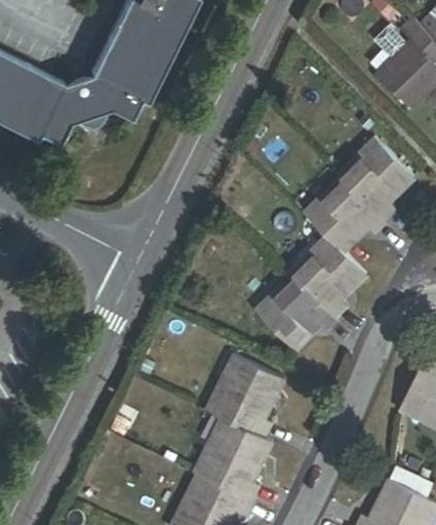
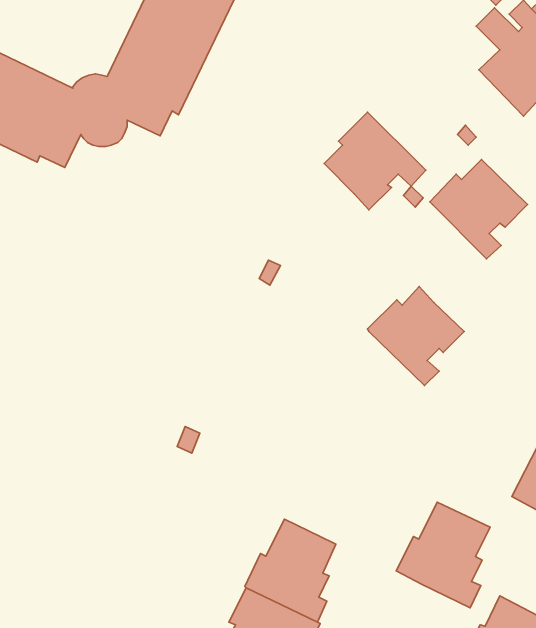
building: [307,175,386,251] -> [324,112,426,210]
building: [259,274,336,349] -> none
building: [206,356,279,438] -> [396,502,490,608]

